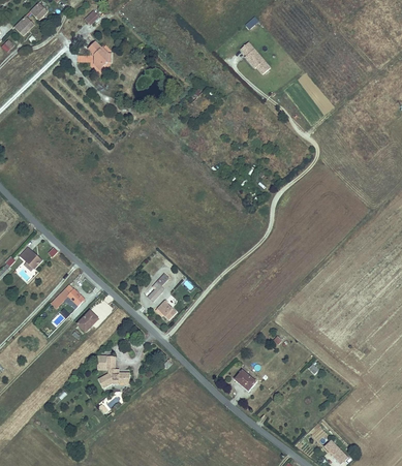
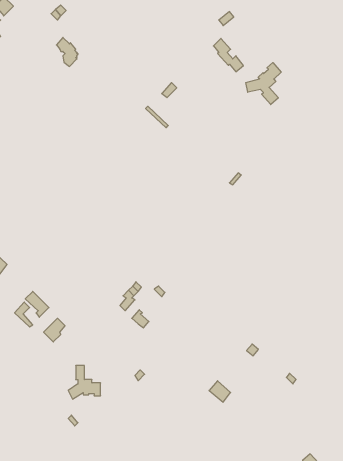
building: none -> [246,63,281,105]

